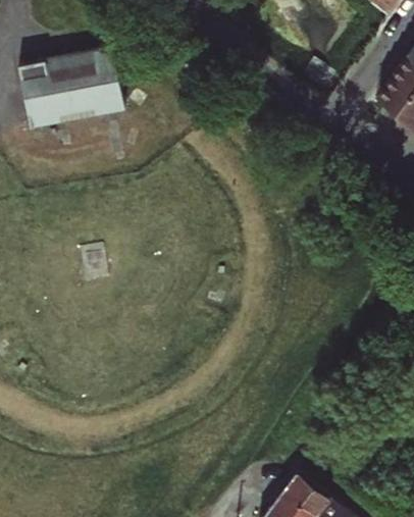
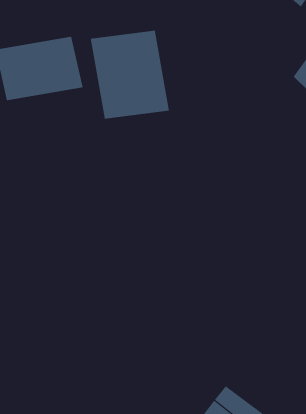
building: none -> [90,30,169,120]

